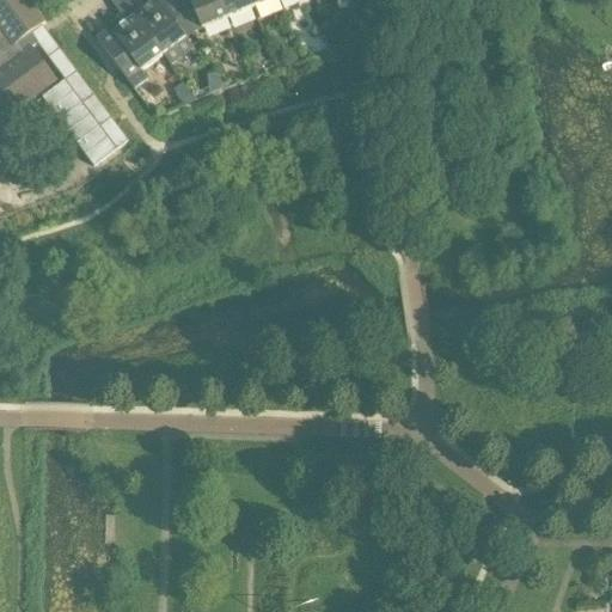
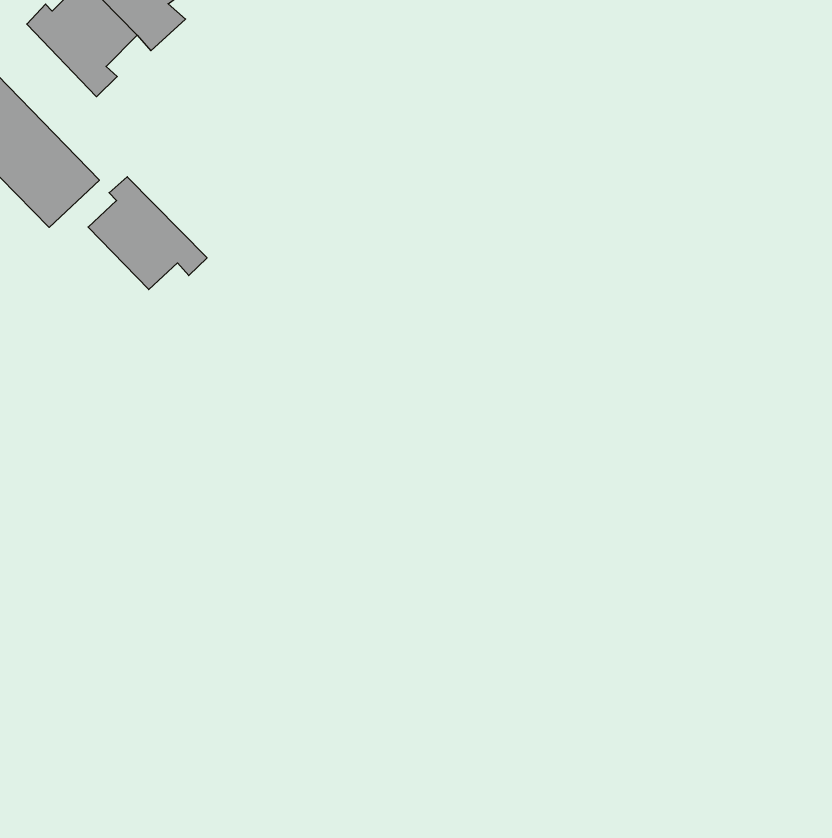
building: none -> [88,177,207,290]

